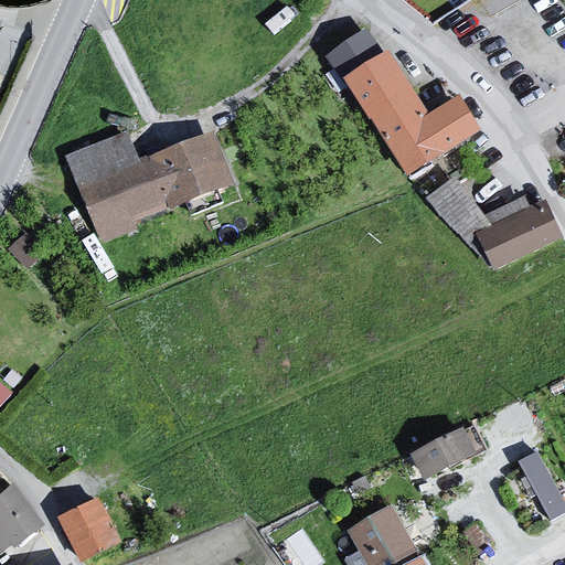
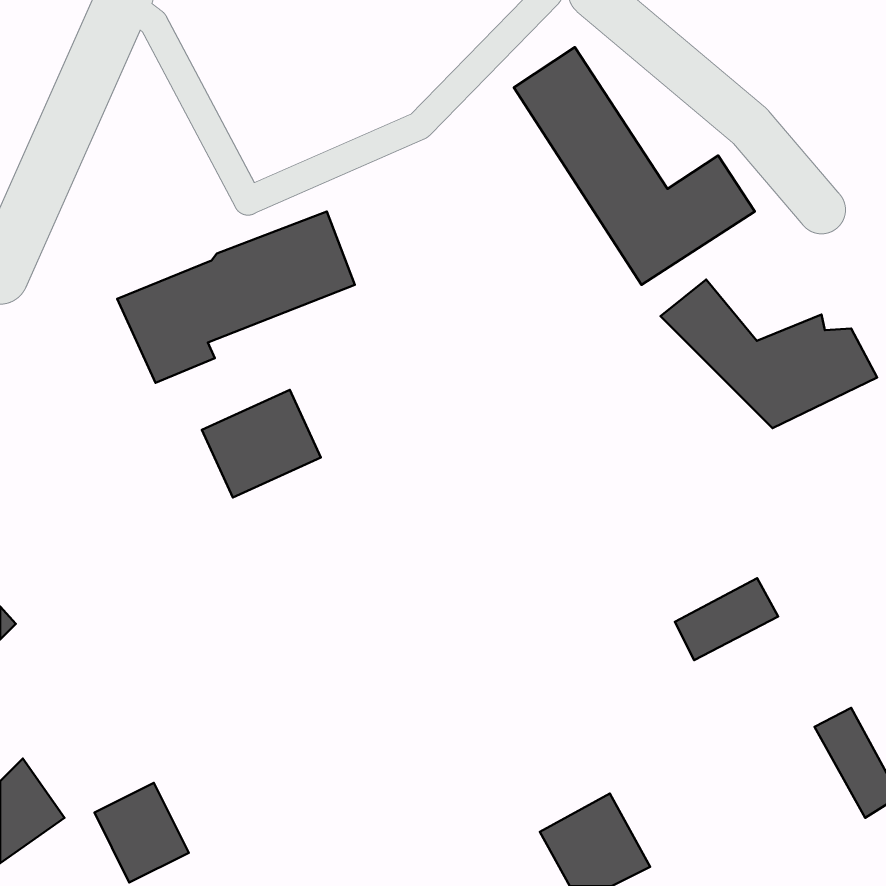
building: [65,131,138,189] -> none
building: none -> [202,390,321,498]
building: [407,429,472,481] -> [675,578,778,660]

